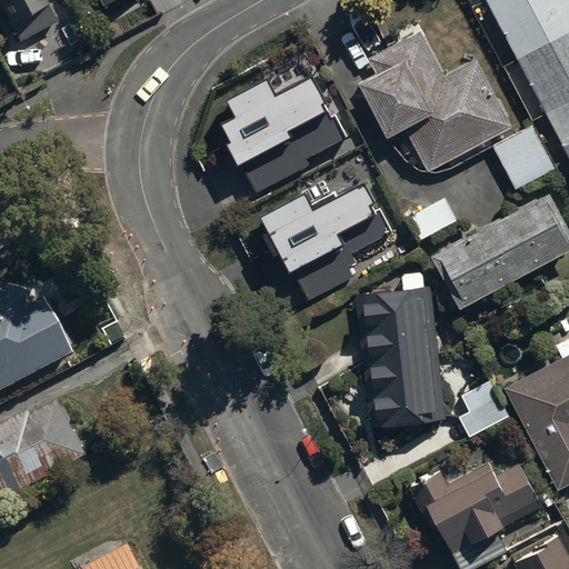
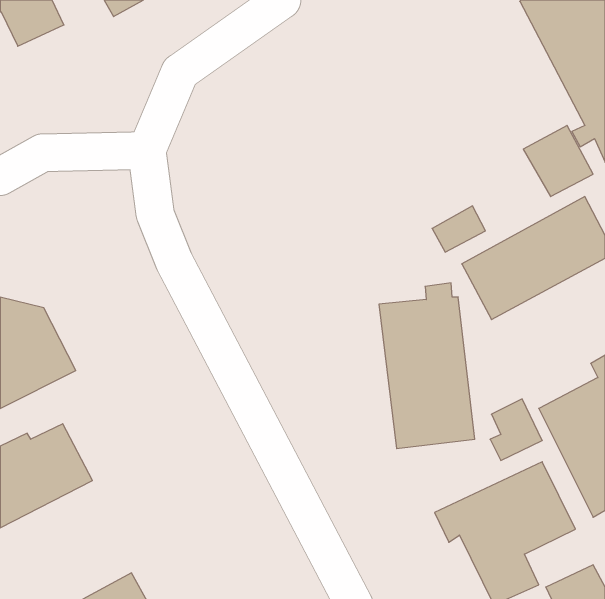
building: [359,32,512,172] -> none
building: [223,78,343,193] -> none
building: [263,187,389,300] -> none

